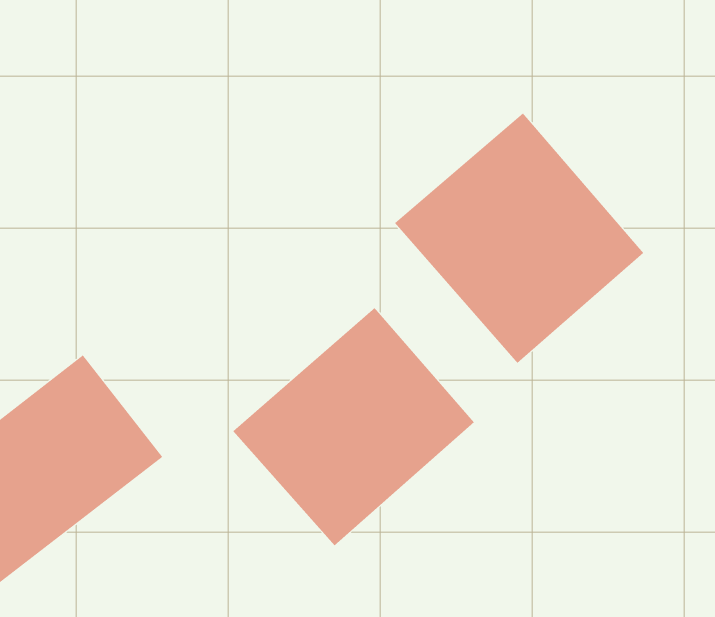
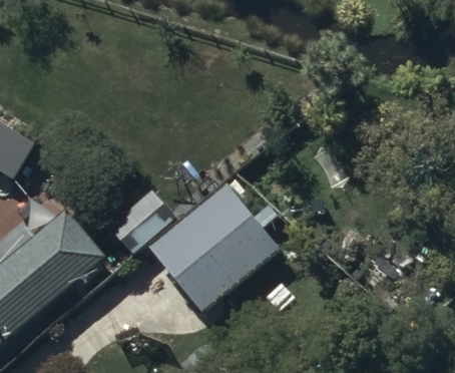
building: [394,112,644,364] -> none

